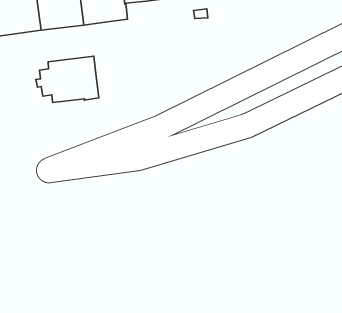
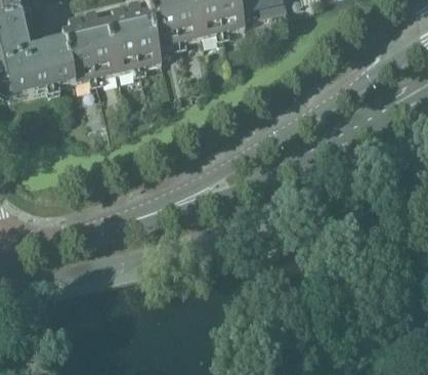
building: [36,56,99,103] -> none

